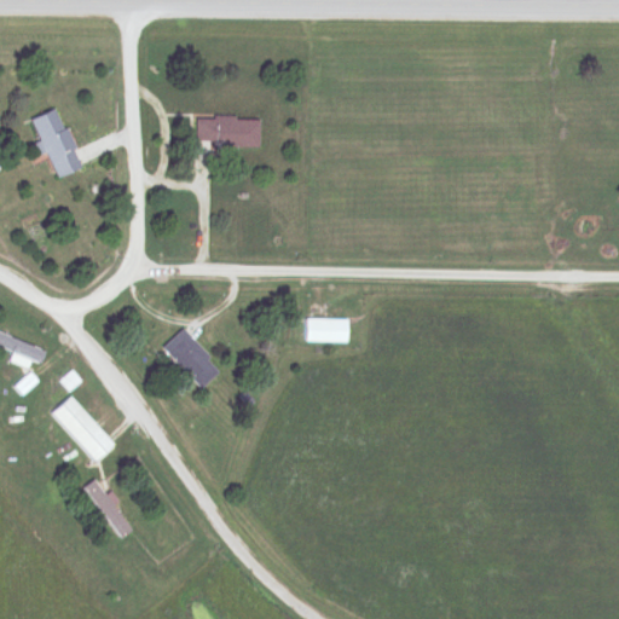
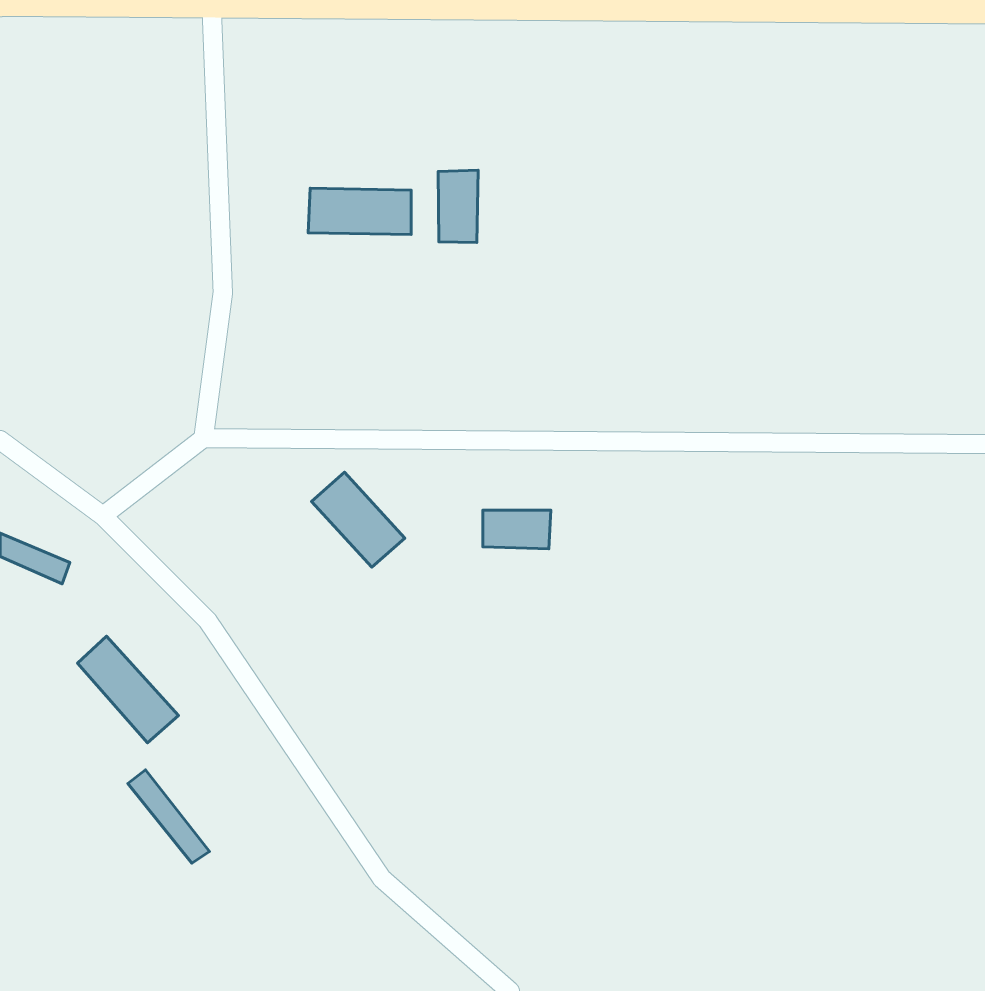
building: none -> [438,170,478,243]
building: [31,108,82,178] -> none
building: [163,329,221,388] -> [312,472,405,567]

